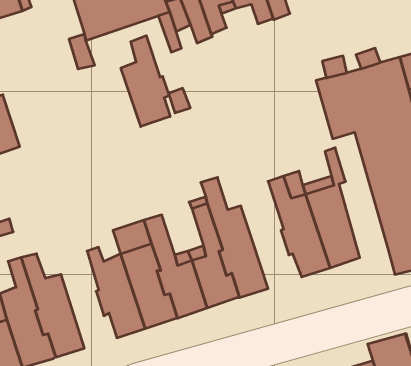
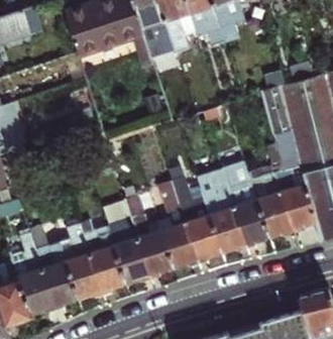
building: [121,36,170,127] -> none
building: none -> [270,131,314,229]
building: none -> [197,170,246,253]
building: none -> [59,223,102,300]

